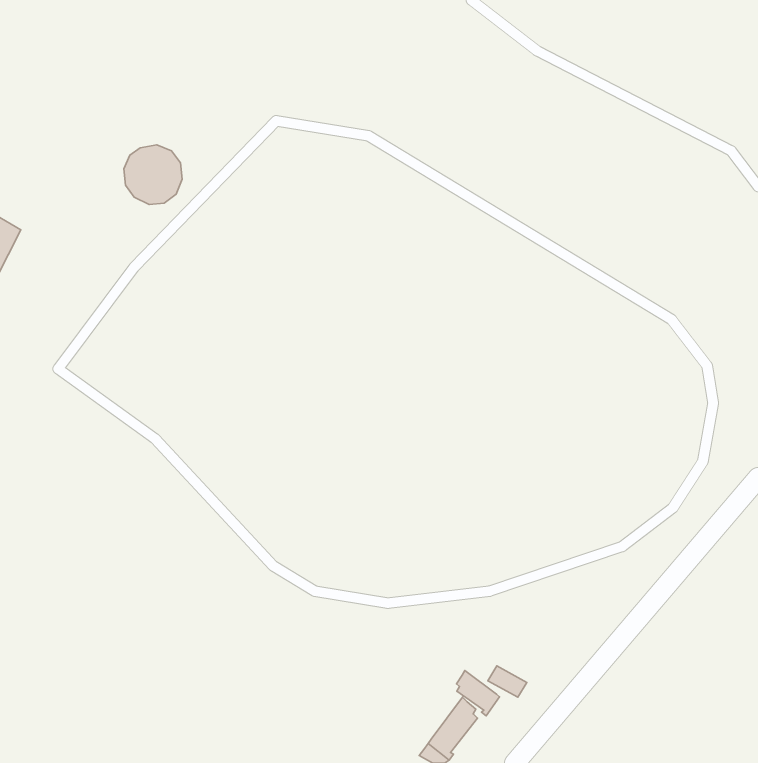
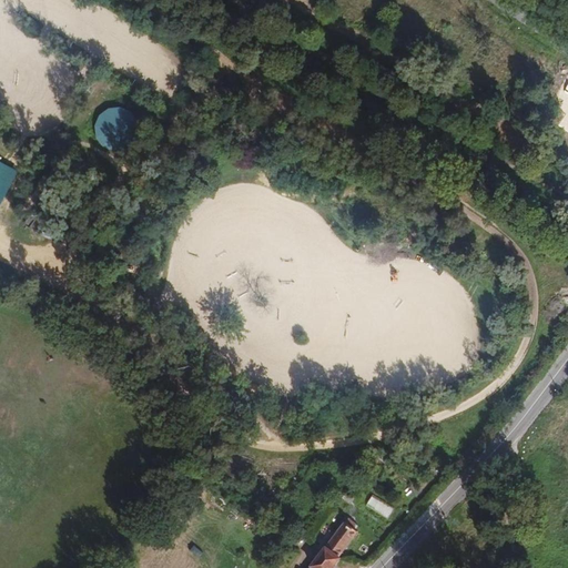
building: [456,671,500,716] -> none

